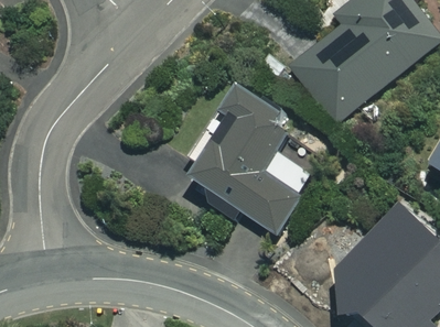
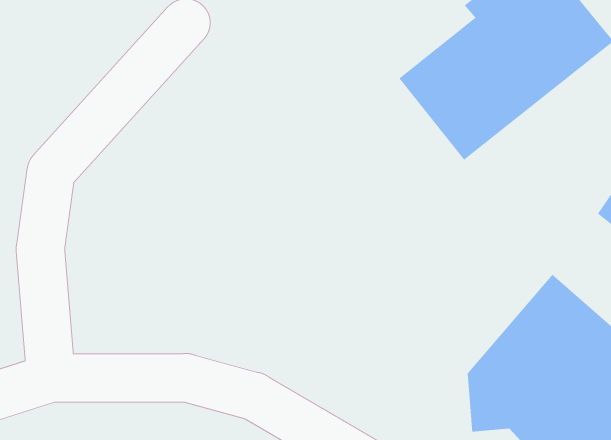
building: [187,84,313,233] -> none

